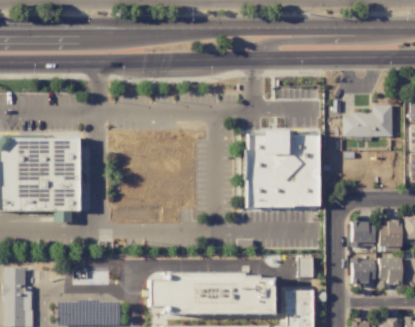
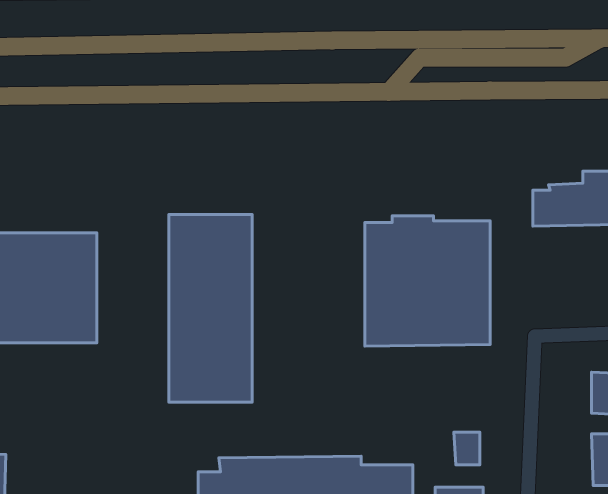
building: none -> [169,215,252,402]
building: [352,222,376,246] -> none
building: [353,262,376,283] -> none

